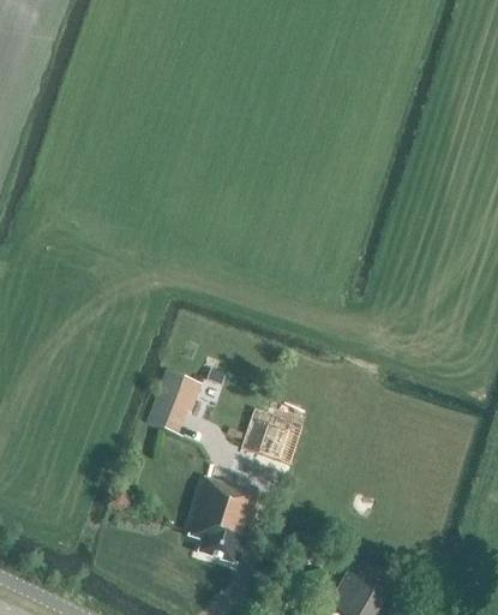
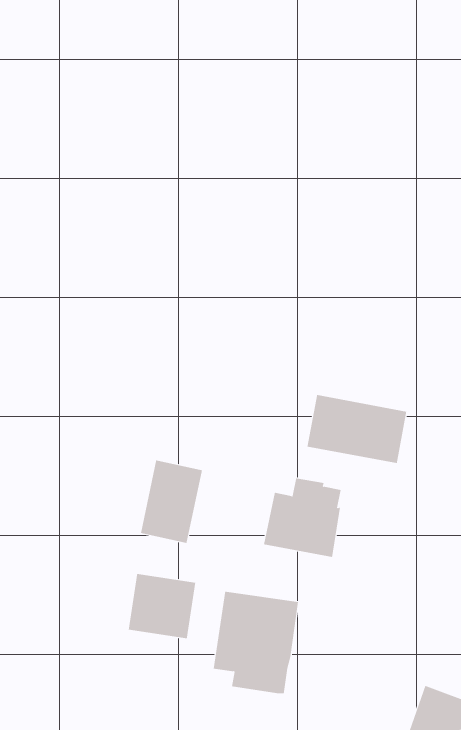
building: none -> [307,394,407,464]
building: none -> [128,573,196,639]

